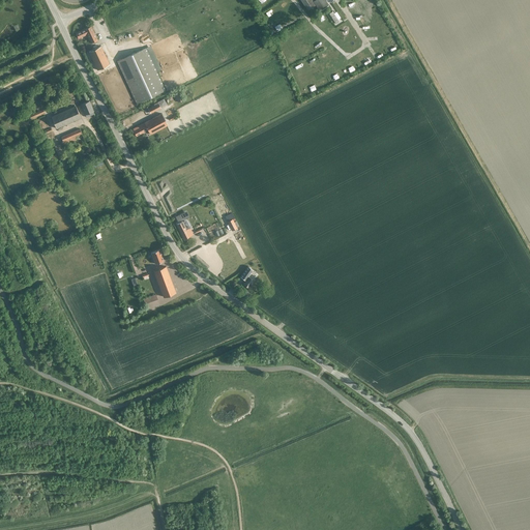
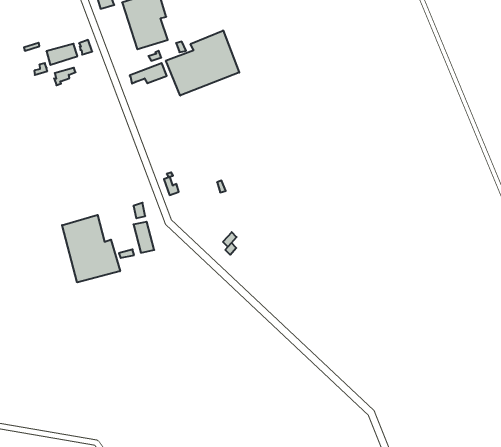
building: none -> [166,30,239,96]
building: none -> [62,215,120,282]

